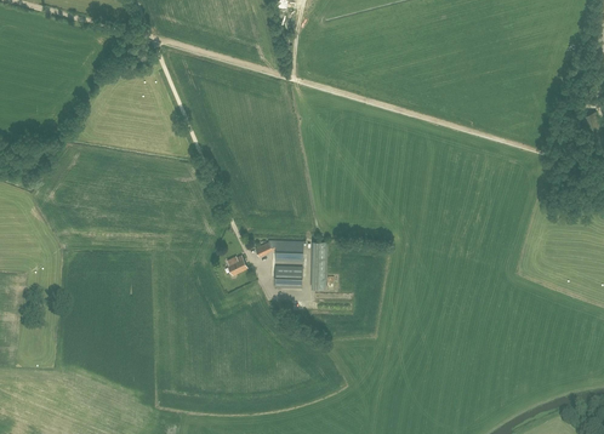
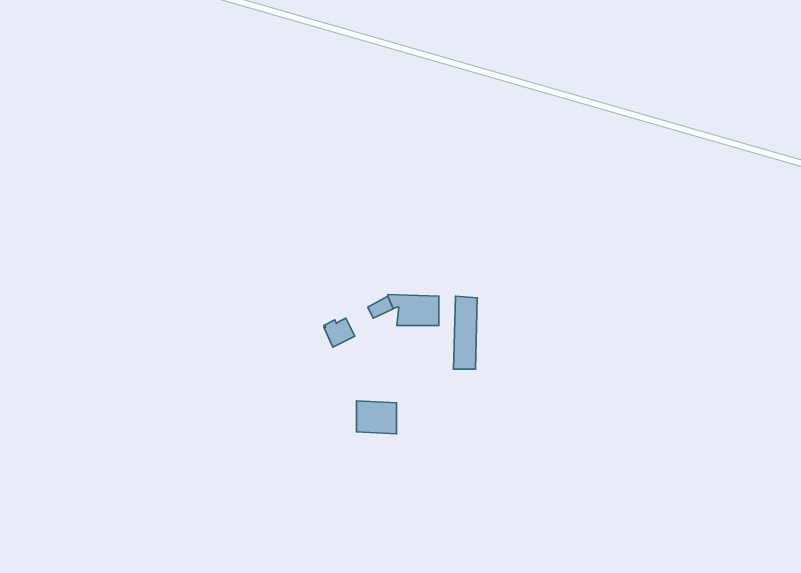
building: [274,265,301,287] -> [356,401,397,434]

